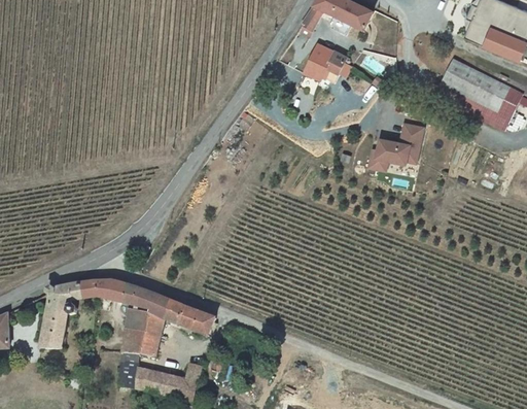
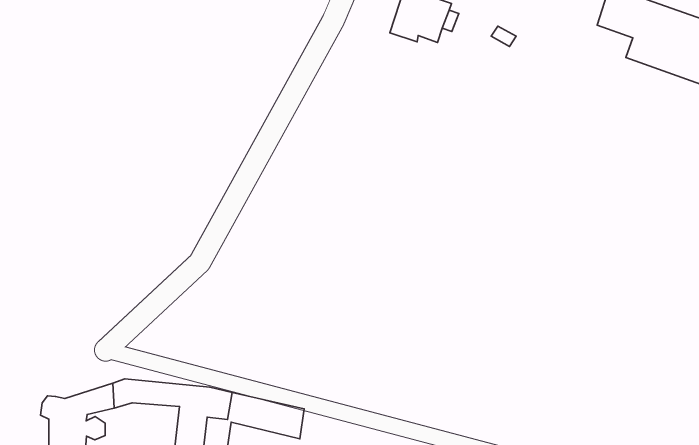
building: [368,125,422,171] -> none

